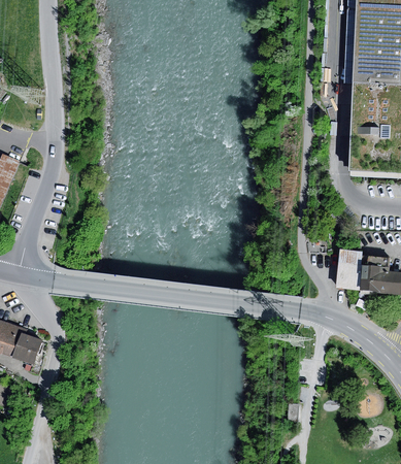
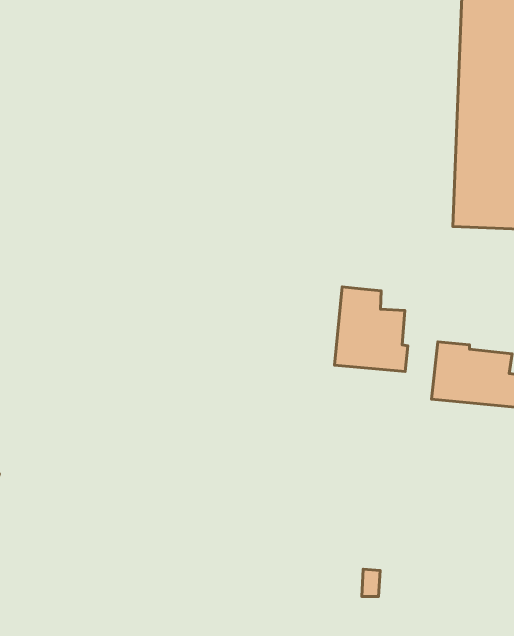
building: none -> [335,287,408,371]

